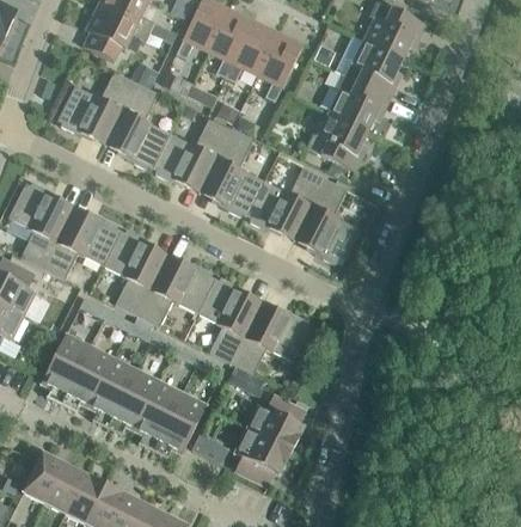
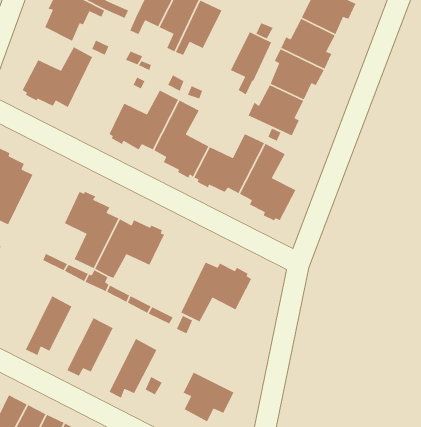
building: [257,31,304,102] -> [230,31,272,96]
building: [109,82,170,168] -> none
building: [43,212,121,280] -> none
building: [198,277,259,363] -> none
building: [41,332,91,404] -> none
building: [88,356,136,427] -> none
building: [134,380,183,451] -> none
building: [246,393,304,451] -> none

